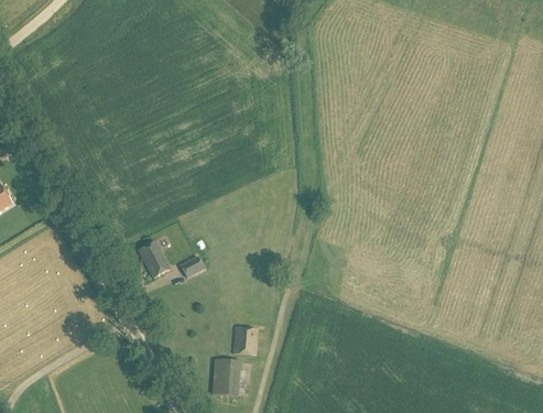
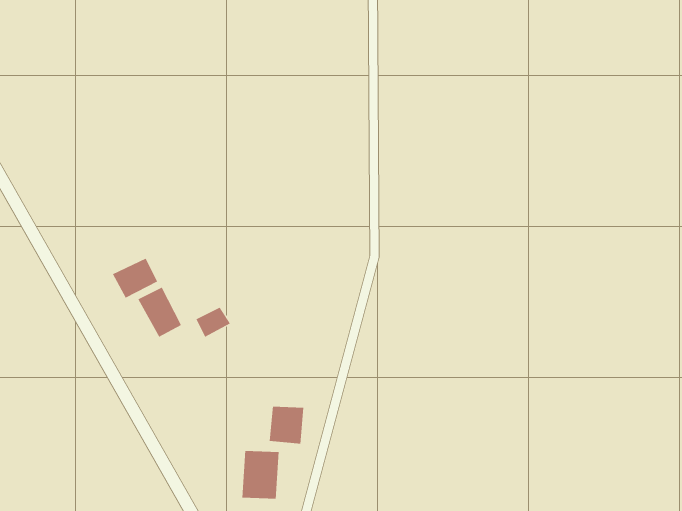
building: none -> [112,258,158,299]

